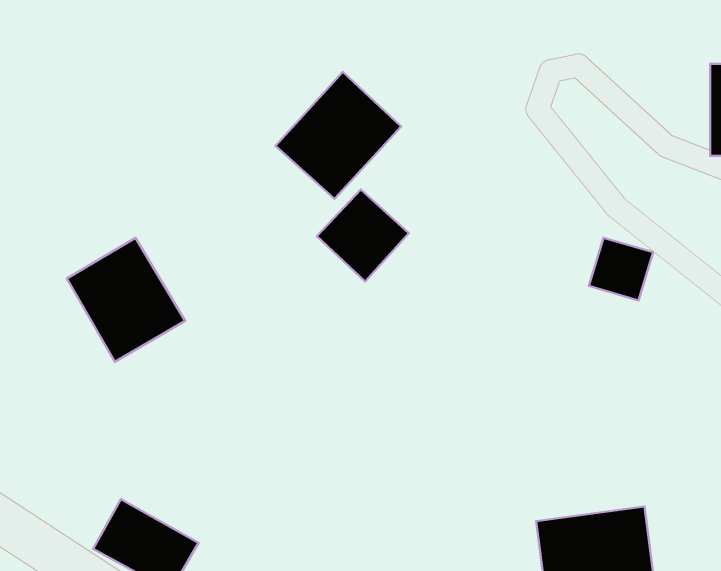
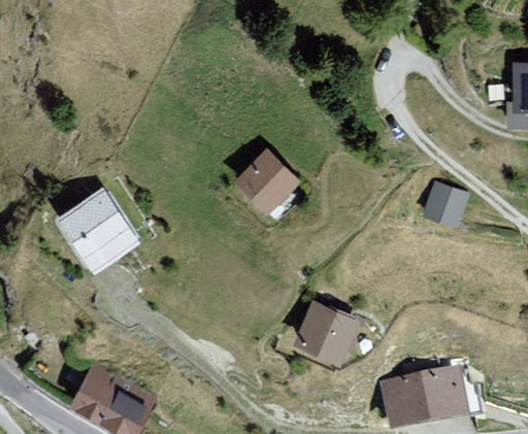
building: [275,72,401,199] -> none
building: none -> [289,296,362,364]

